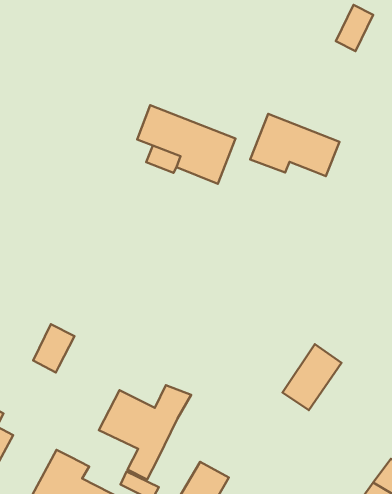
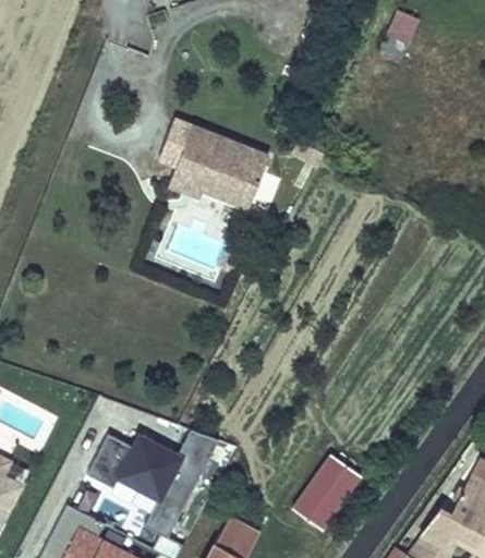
building: [250,114,340,176] -> none
building: [33,324,75,372] -> [88,434,134,487]
building: [282,344,341,410] -> [294,456,360,529]

